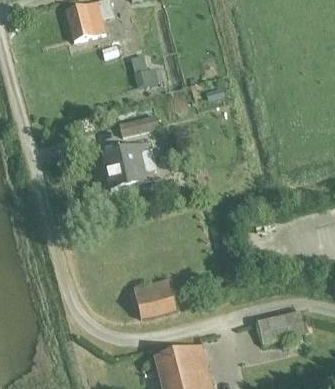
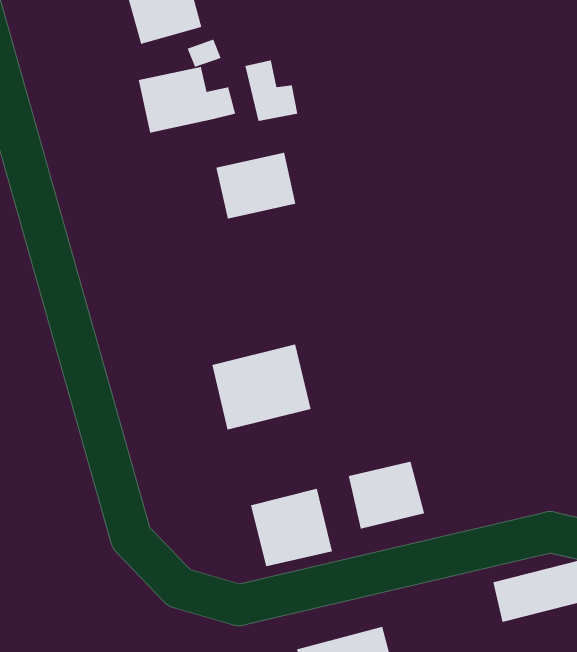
building: none -> [138,66,236,133]
building: [103,143,155,188] -> [211,344,311,430]
building: none -> [348,461,425,530]

